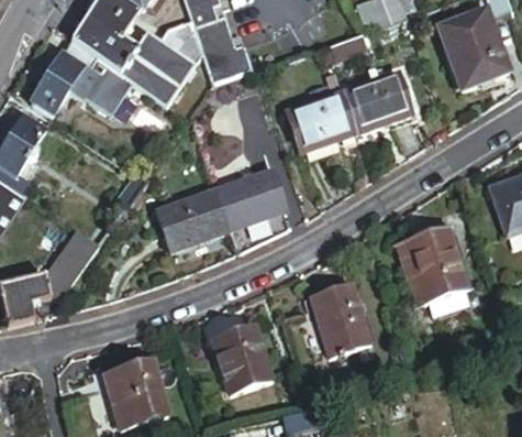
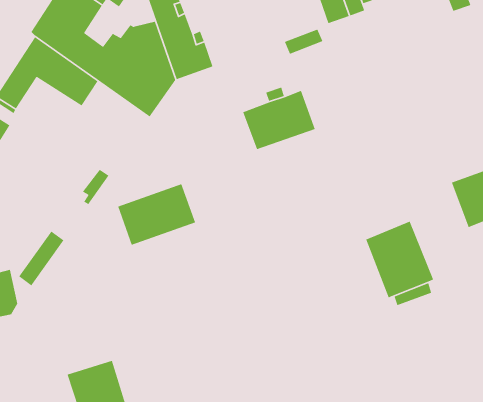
building: [437,11,504,87] -> none
building: [340,75,404,132] -> none
building: [220,168,282,226] -> none
building: [311,286,369,356] -> none
building: [210,330,269,396] -> none

